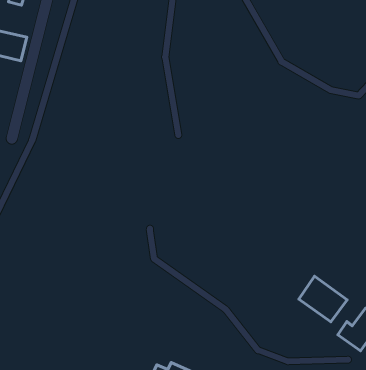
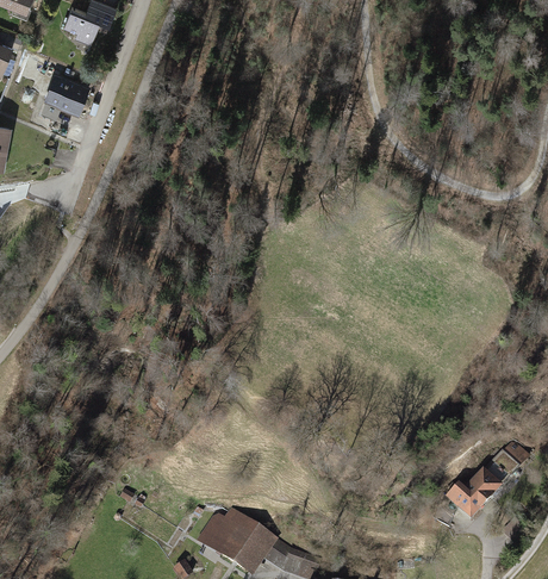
building: [299,276,347,322] -> none

